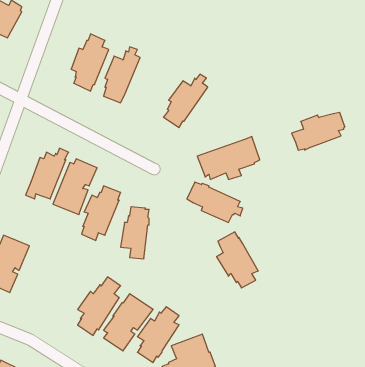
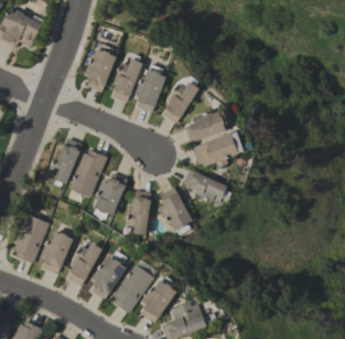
building: none -> [134,63,168,112]
building: [292,112,345,150] -> [185,109,230,141]
building: [217,232,258,288] -> [159,187,194,234]
building: none -> [40,230,73,274]
building: none -> [67,242,103,286]

